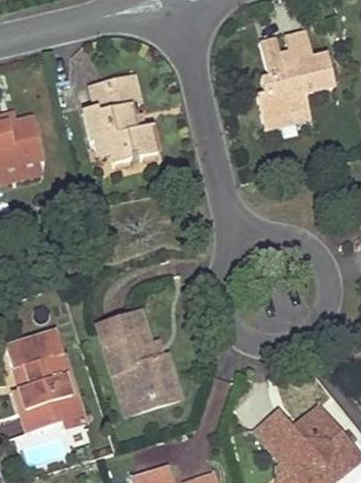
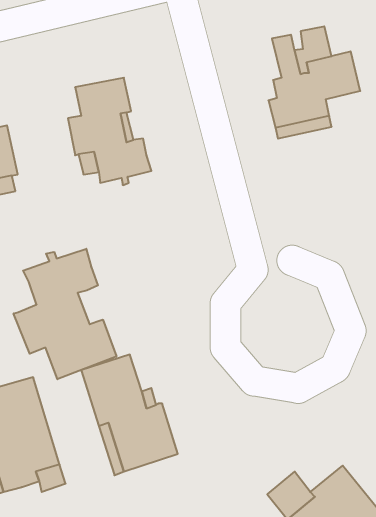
building: none -> [14,249,116,379]

